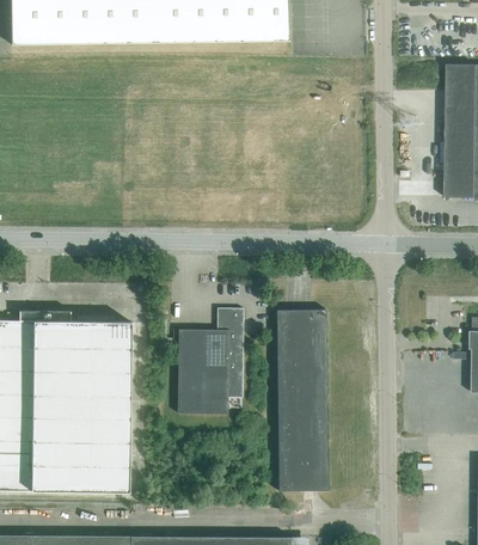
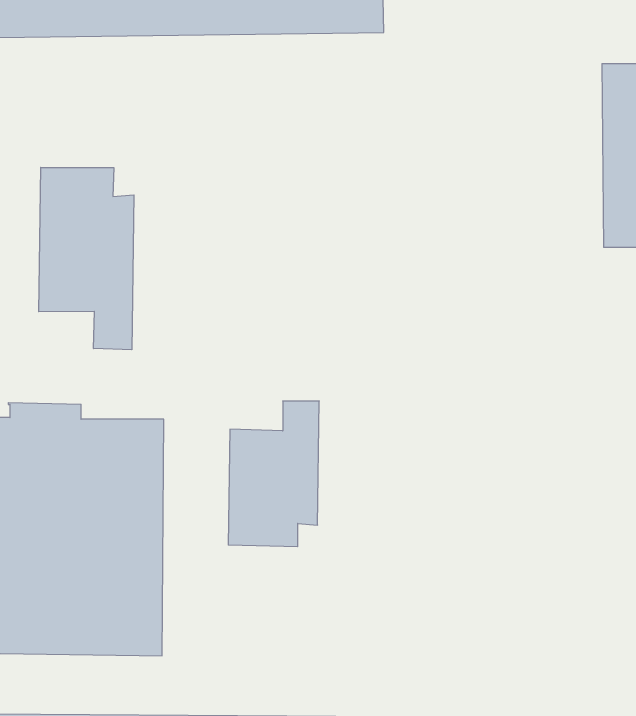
building: none -> [39,167,134,350]
building: [276,310,327,490] -> none

